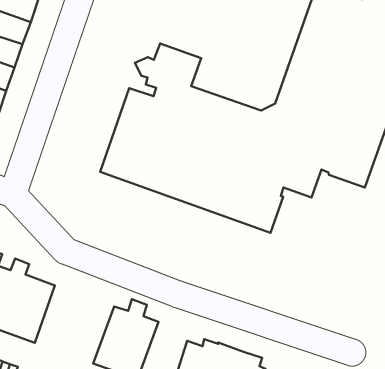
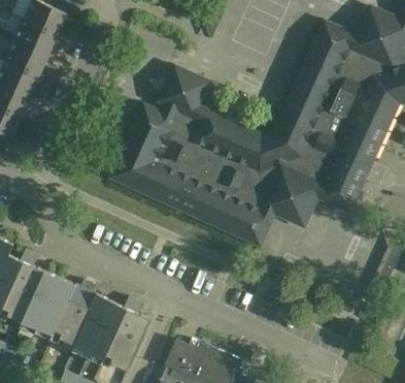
building: none -> [36,278,111,352]

